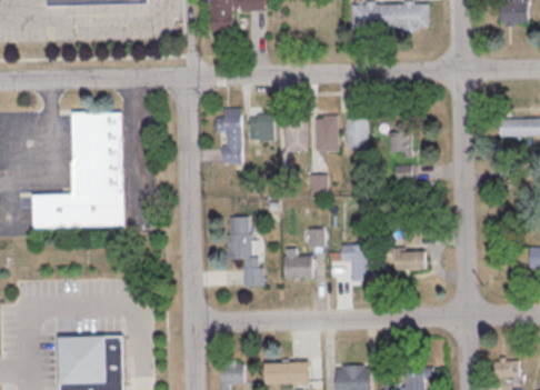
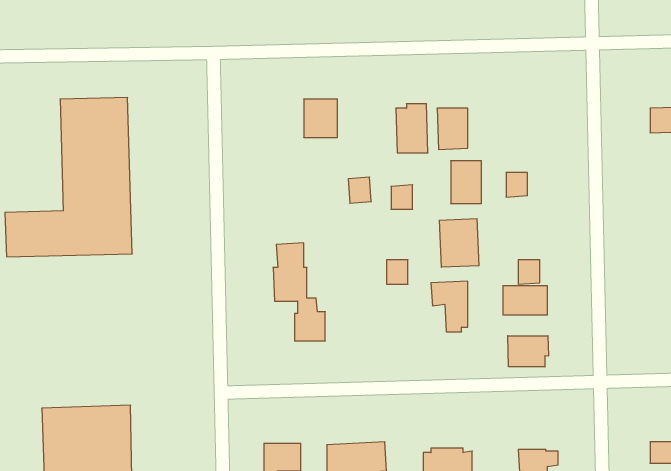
building: [216,108,242,164] -> none
building: [284,116,308,152] -> none
building: [389,126,411,157] -> [451,161,481,204]
building: none -> [439,219,479,267]
building: [284,249,313,278] -> none
building: none -> [508,336,548,367]

